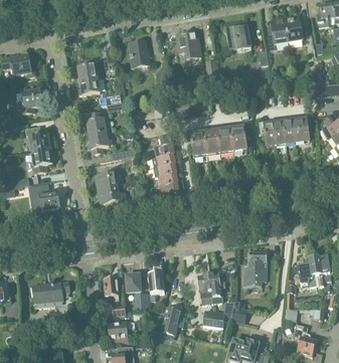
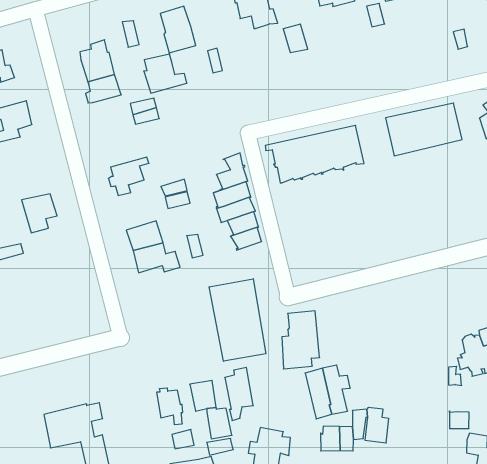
building: [87,113,113,136] -> [144,54,187,93]
building: [25,127,50,151] -> none
building: [29,183,60,211] -> none
building: none -> [209,279,266,361]
building: [243,251,267,286] -> [282,311,320,369]

